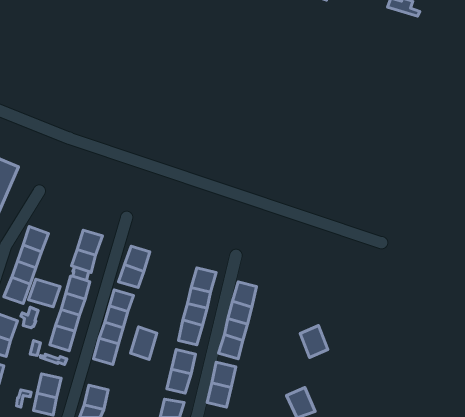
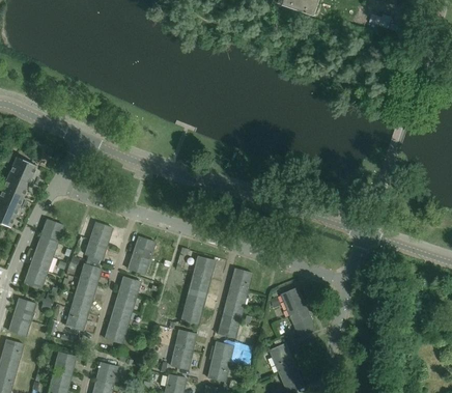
building: [29,279,60,307] -> none
building: none -> [281,288,307,316]
building: [131,327,157,360] -> none
building: none -> [270,343,294,372]

